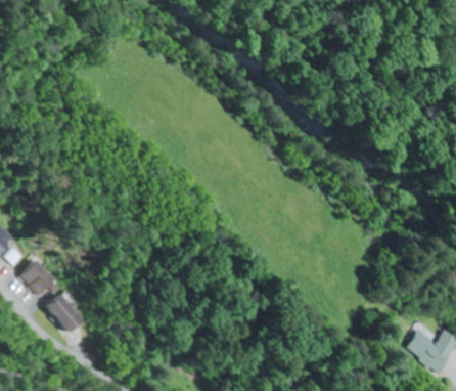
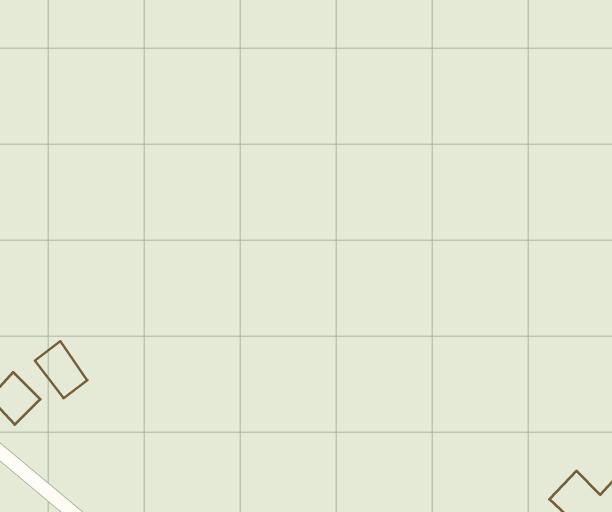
building: [45,293,81,332] -> [35,341,87,398]

